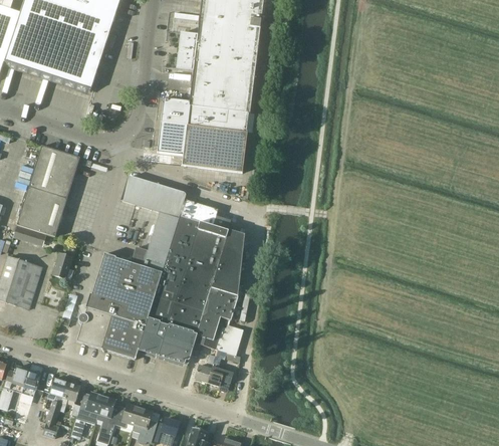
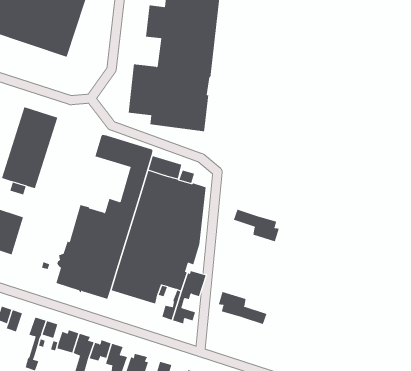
building: [51,247,75,278] -> none
building: none -> [233,209,280,242]
building: none -> [218,291,267,325]

